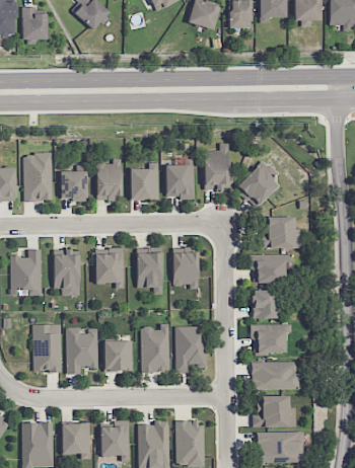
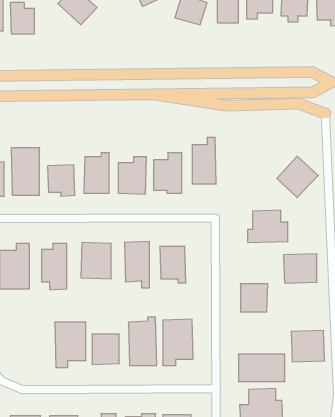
building: [237,165,279,207] -> [277,156,318,198]
building: [252,253,285,283] -> [284,254,317,283]
building: [253,323,286,355] -> [291,331,325,362]
building: [33,324,62,372] -> none

